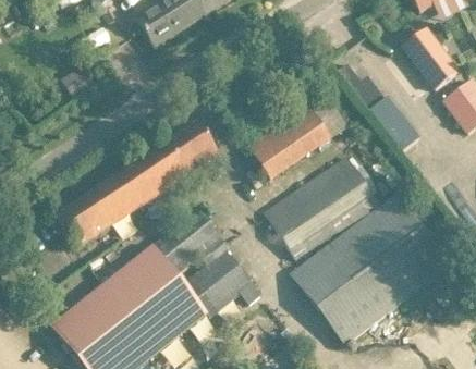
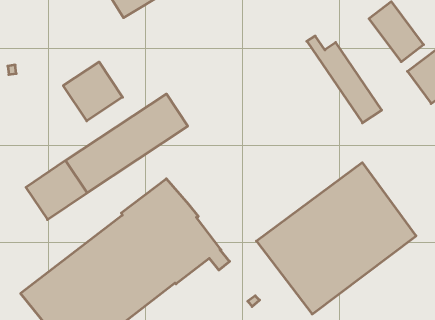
building: none -> [63,62,123,121]
building: [246,95,347,179] -> none
building: [264,153,378,259] -> none

